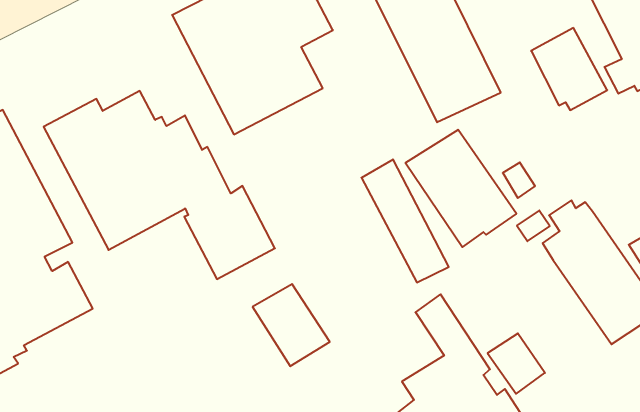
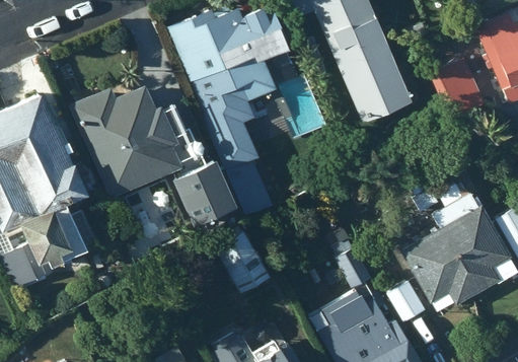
building: [405,130,516,247] -> [399,226,479,313]
building: [361,159,449,282] -> [215,123,276,215]

